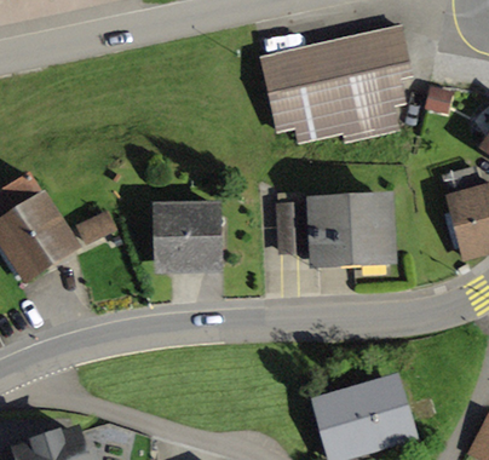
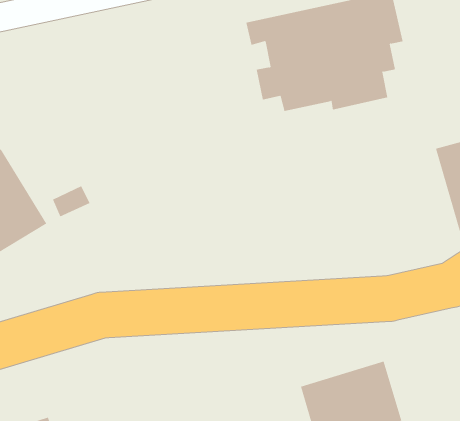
building: [313,197,386,258] -> none
building: [155,203,218,268] -> none
building: [277,205,305,249] -> none

